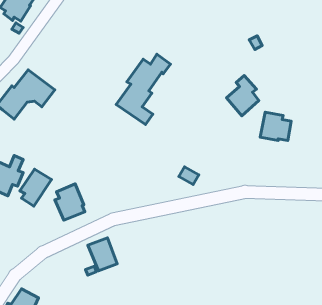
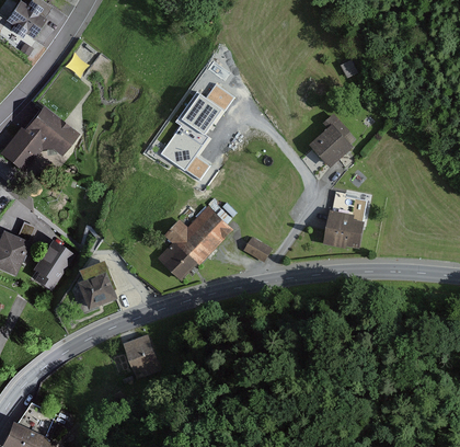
building: [260,112,291,140] -> [323,209,365,248]
building: none -> [159,205,234,279]

